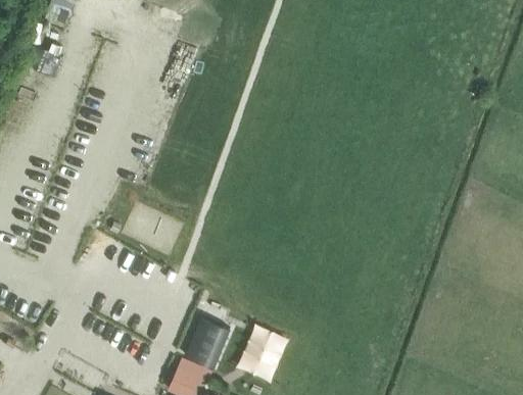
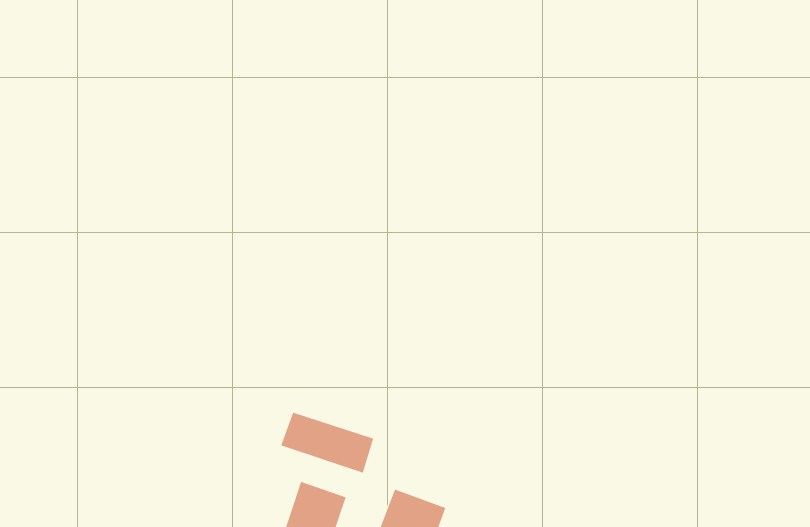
building: none -> [280,412,374,473]

